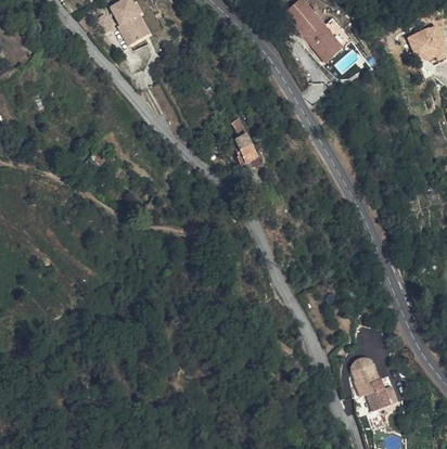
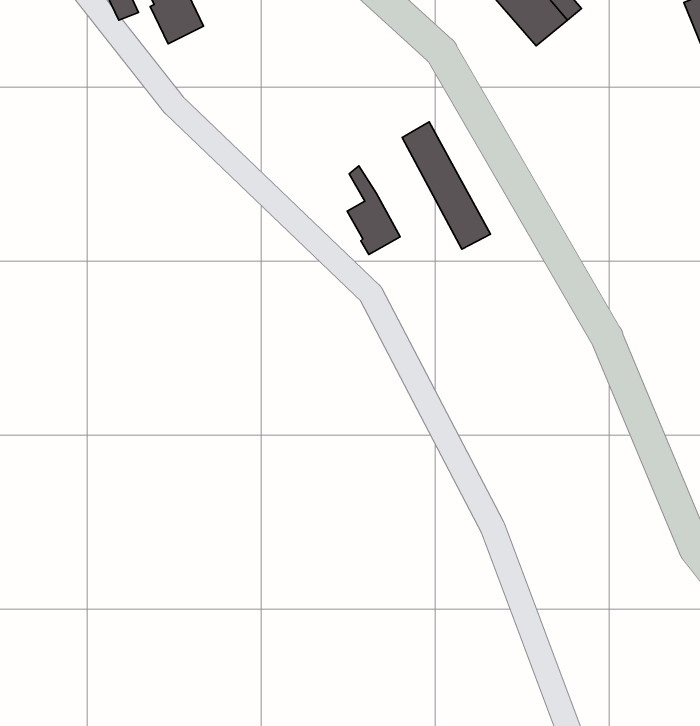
building: none -> [402,122,491,249]
building: [356,357,388,409] -> none

